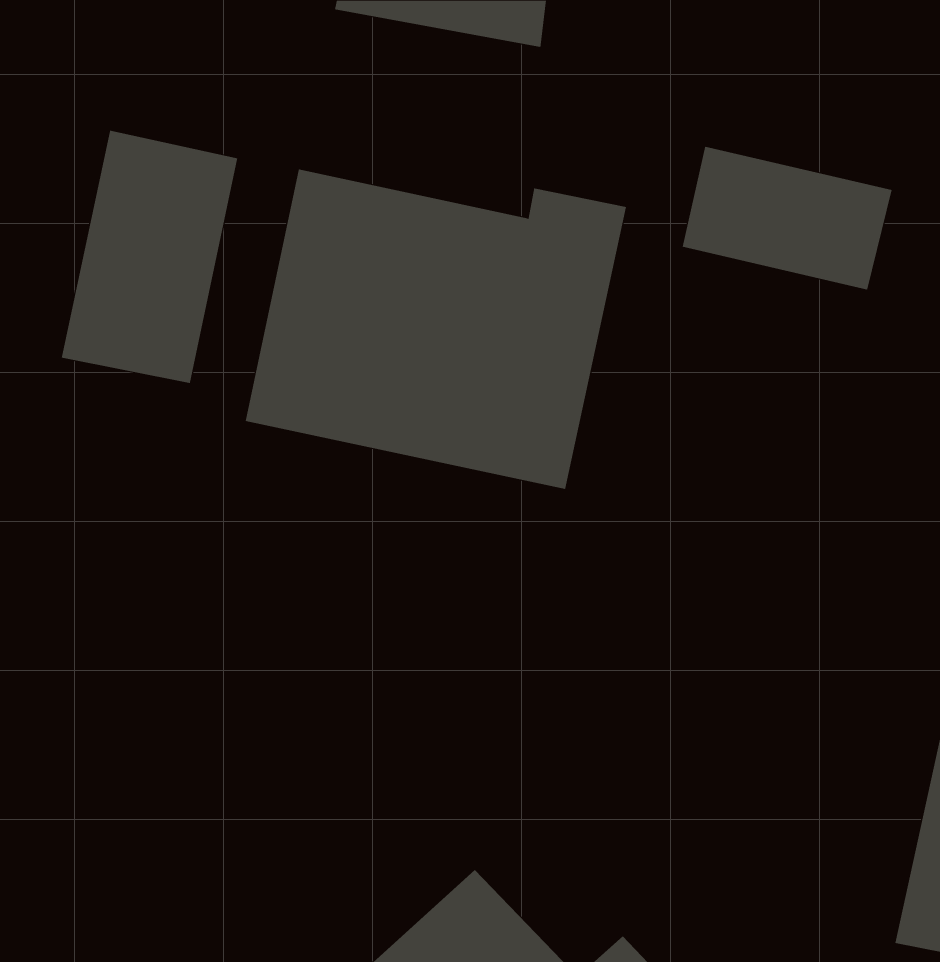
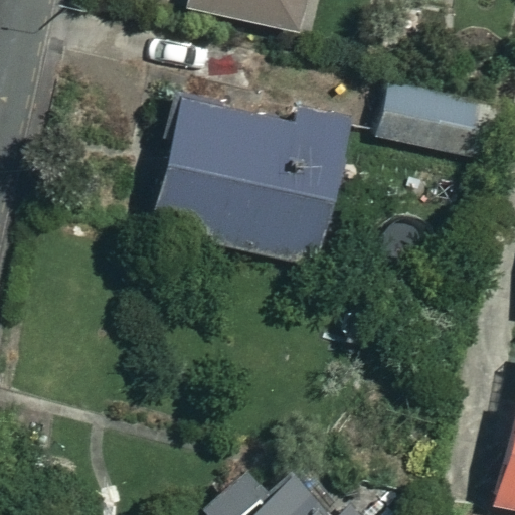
building: [61,130,238,384] -> none

